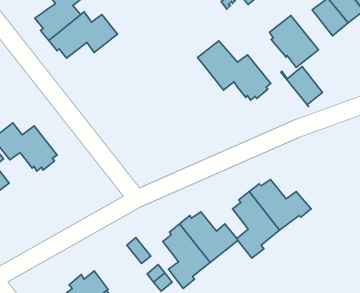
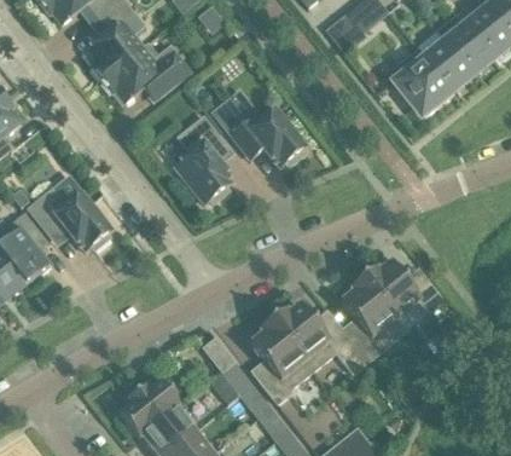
building: [198,41,271,100] -> [210,90,306,167]
building: [281,67,322,106] -> [416,40,470,92]
building: none -> [174,116,231,203]

